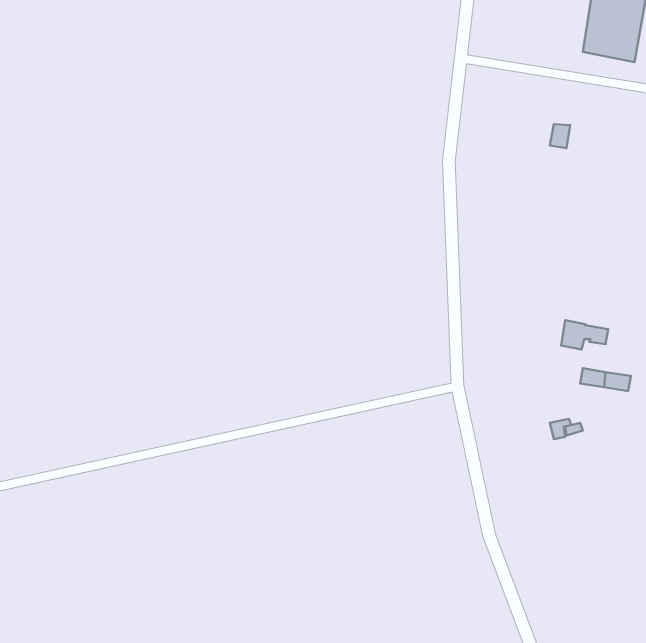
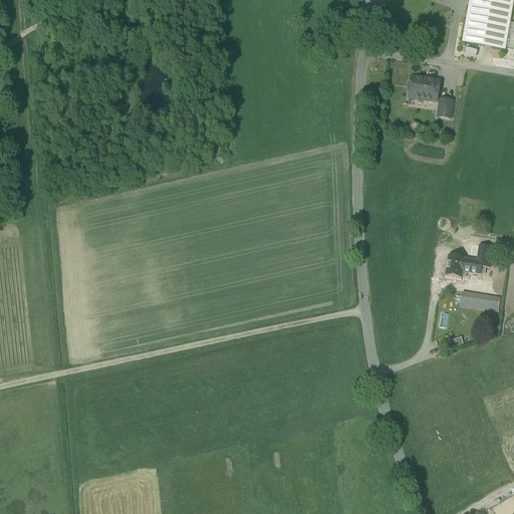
building: none -> [409,76,439,100]

